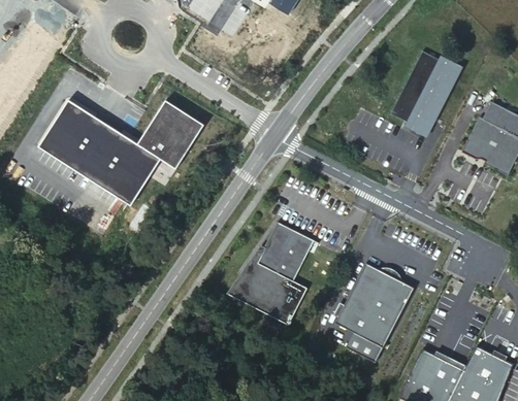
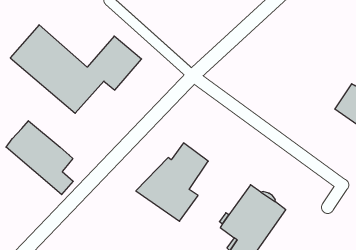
building: [390,49,459,138] -> none
building: none -> [6,121,73,195]

